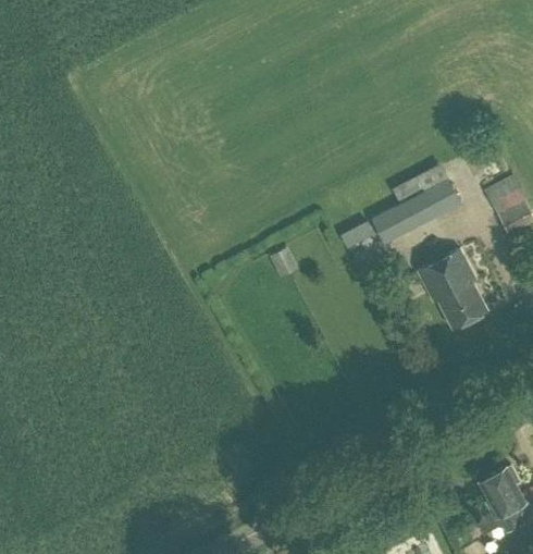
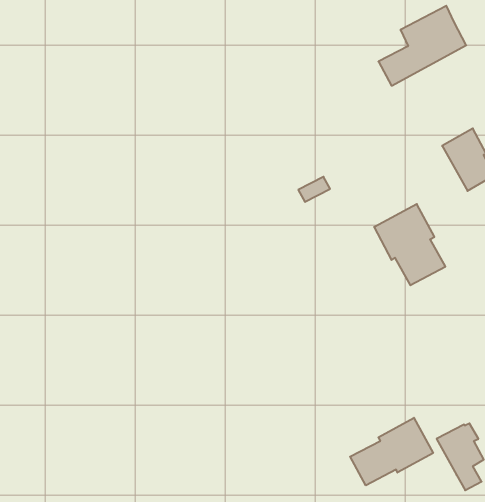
building: [372,165,459,245] -> [378,6,466,86]
building: none -> [350,418,433,485]

